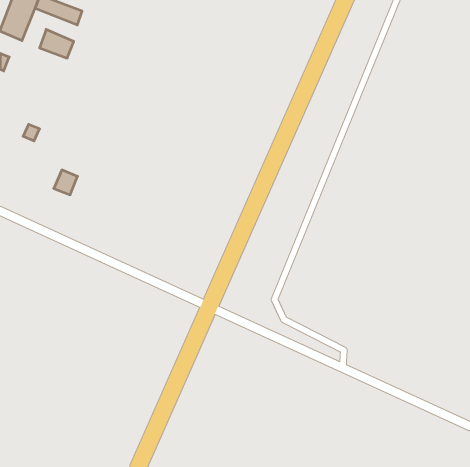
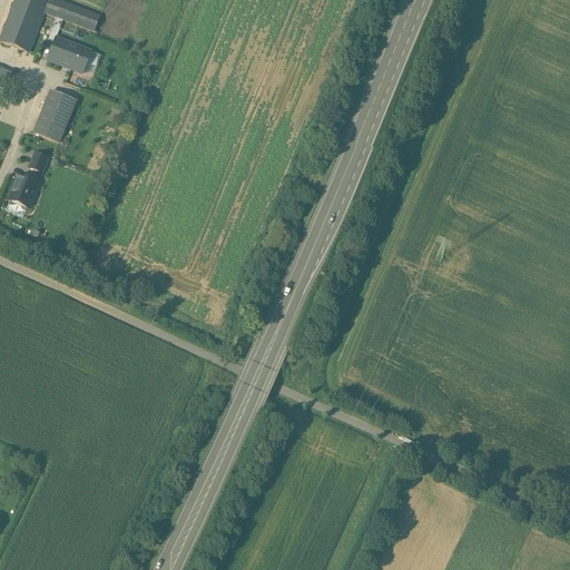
building: none -> [35,88,77,140]
building: [54,170,78,195] -> [9,175,38,205]

